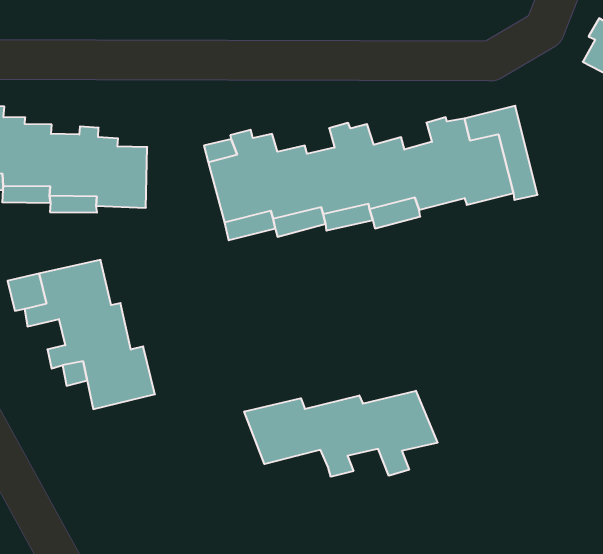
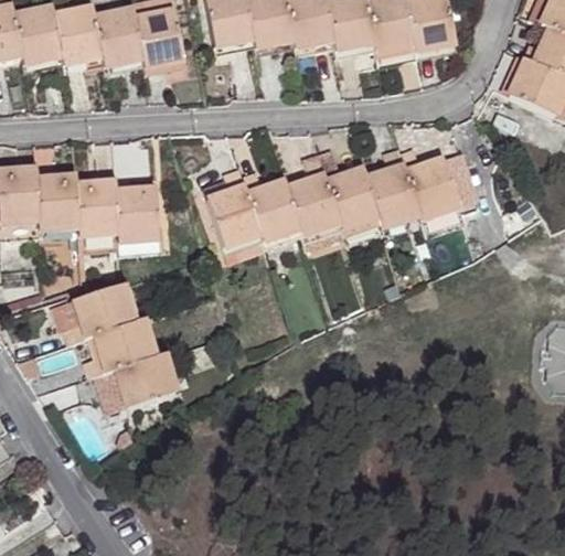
building: [244,391,438,477] -> none

